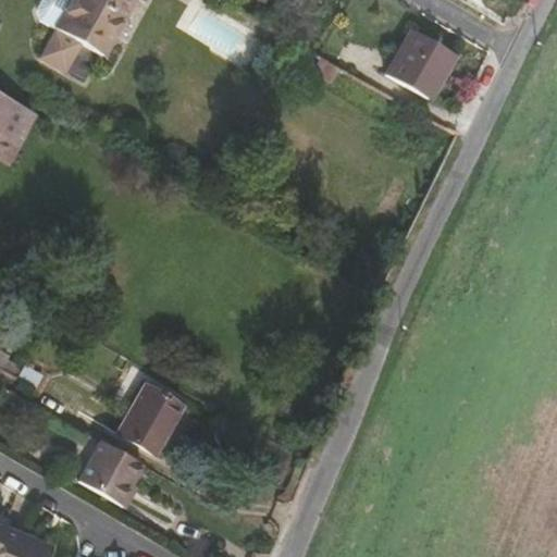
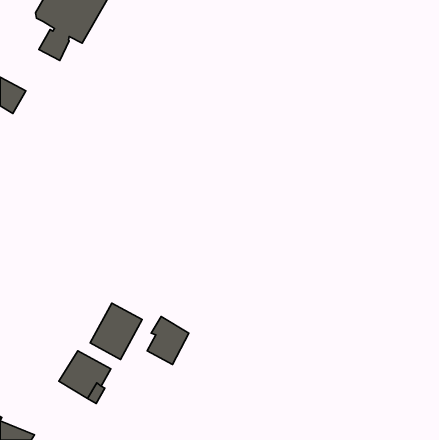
building: [386,29,457,99] -> none
building: none -> [147,317,189,365]

